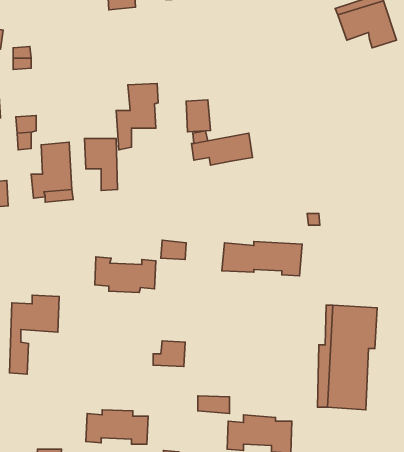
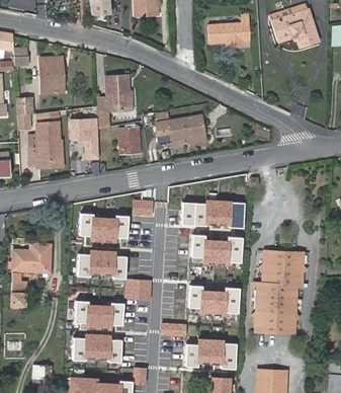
building: none -> [207,15,250,46]
building: none -> [40,57,64,93]
building: [186,100,210,132] -> [120,128,140,153]
building: none -> [190,234,242,263]
building: none -> [77,250,125,279]
building: none -> [188,286,239,314]
building: none -> [74,301,123,328]

